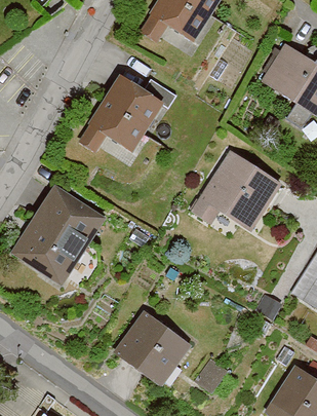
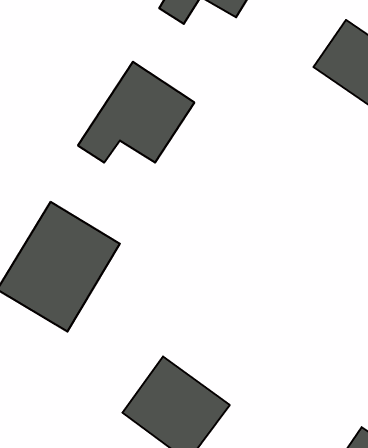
building: [190,150,285,233] -> none

